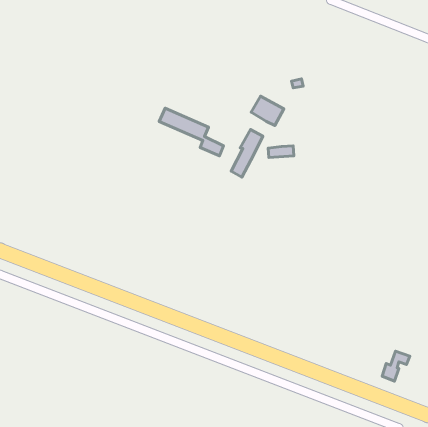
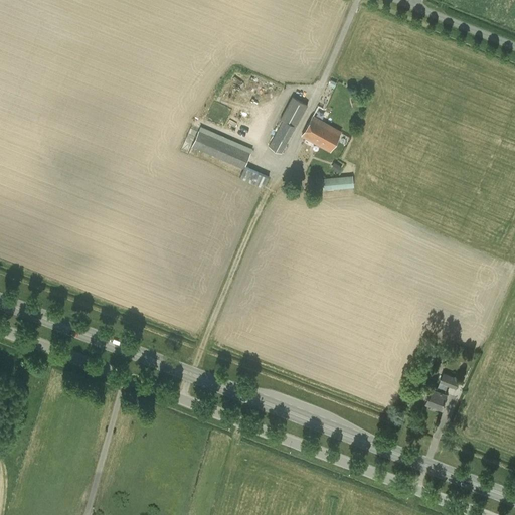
building: [231,129,263,177] -> [269,97,307,154]
building: [382,351,410,381] -> [426,373,460,409]

